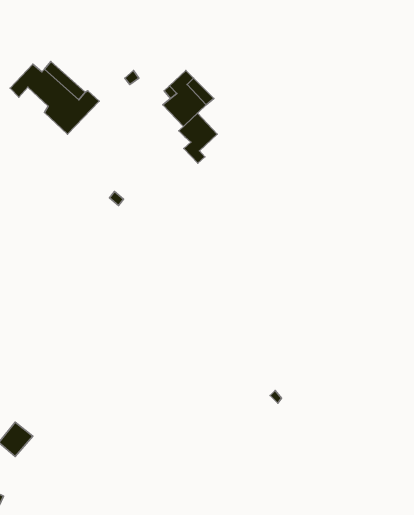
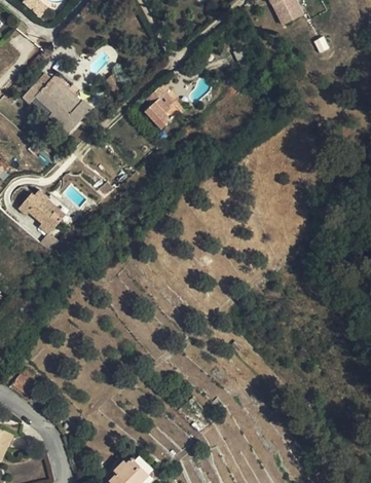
building: [179,113,217,163] -> none
building: none -> [18,190,62,233]

